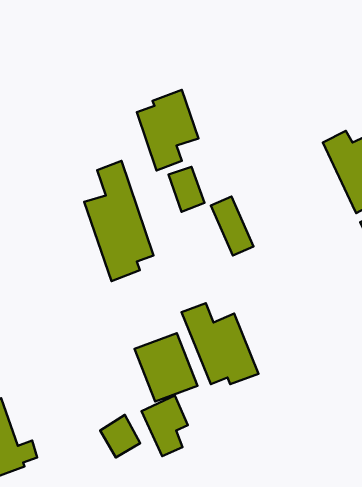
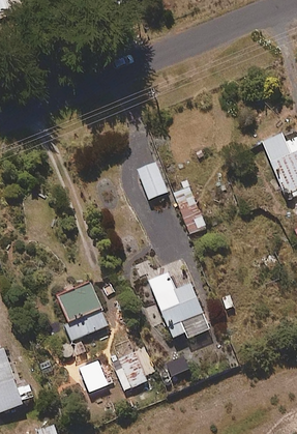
building: [137,90,199,170] -> none
building: [84,161,154,281] -> none
building: [134,333,197,401] -> [56,284,107,339]

